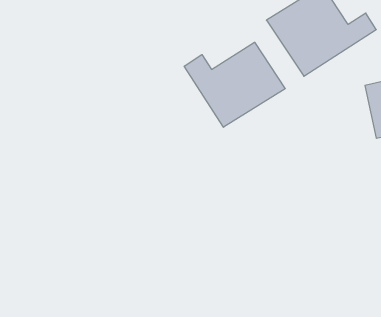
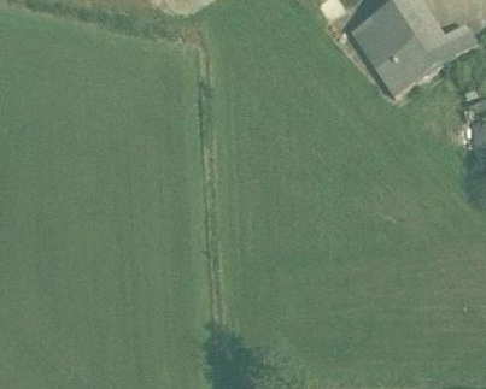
building: [184,42,285,127] -> none

